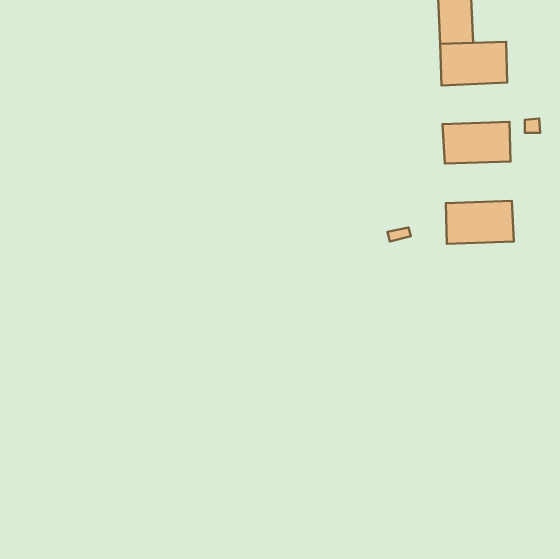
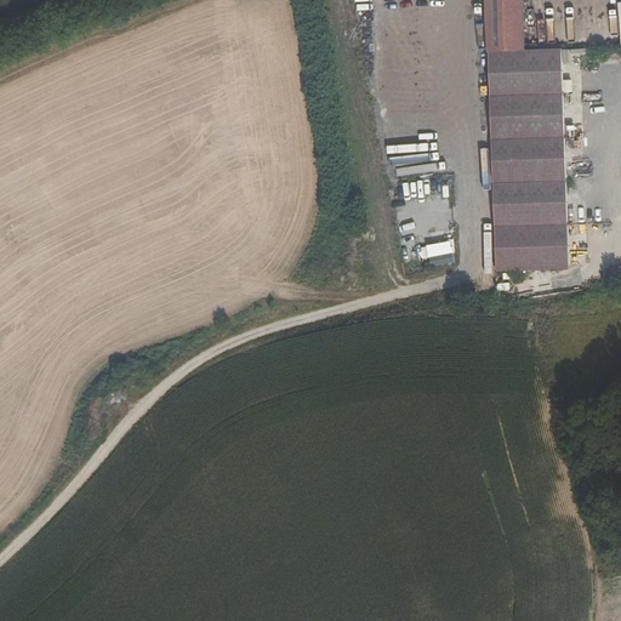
building: none -> [488,91,563,137]
building: none -> [491,178,565,224]

